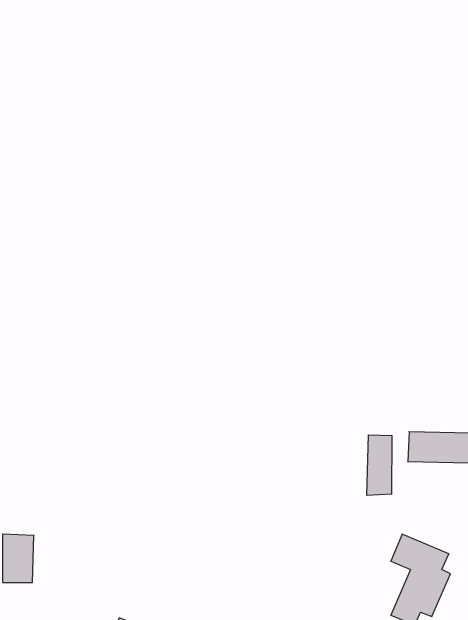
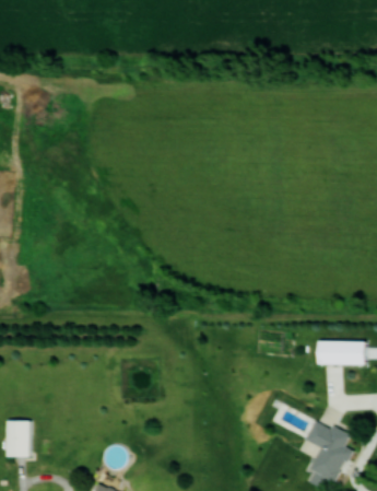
building: [367,435,392,495] -> none

